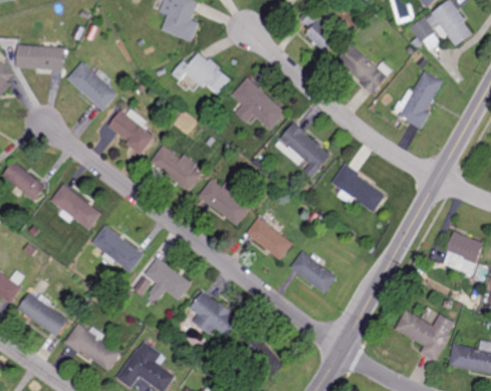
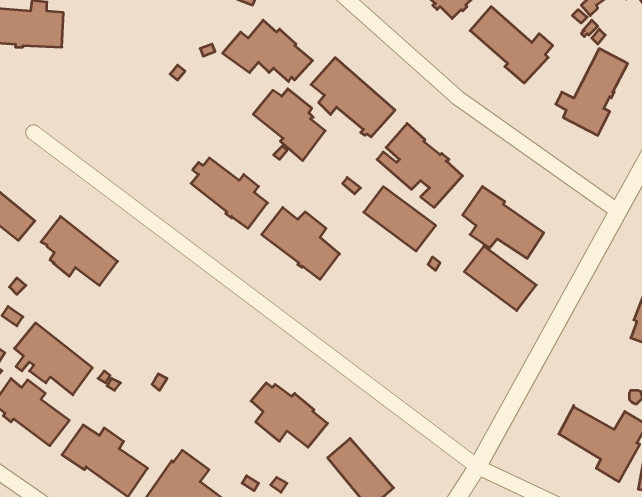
building: [66,61,118,112] -> none
building: [106,109,155,157] -> [253,89,325,161]
building: [245,217,293,260] -> [364,187,436,251]
building: [90,225,143,273] -> [14,323,92,395]
building: [289,250,337,294] -> [464,246,536,311]
building: [134,257,192,301] -> none

